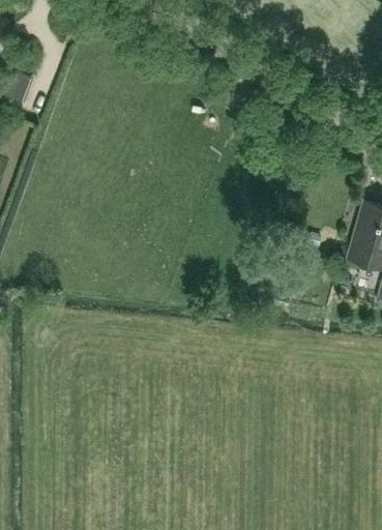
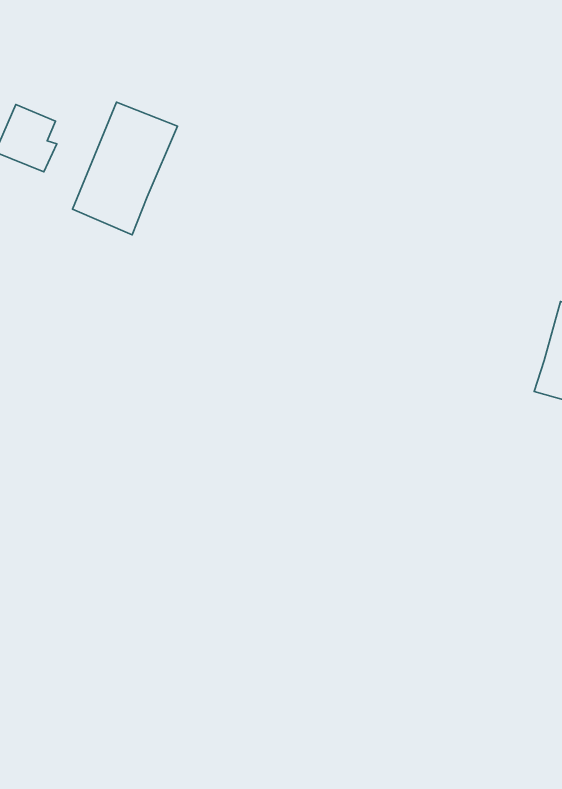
building: none -> [72,102,177,235]

